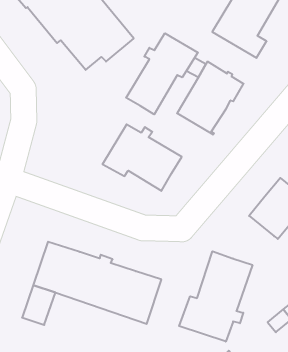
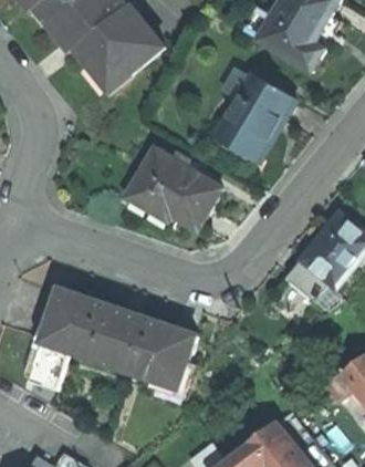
building: [126,33,198,114] -> none
building: none -> [284,259,330,302]
building: [179,251,252,342] -> none

